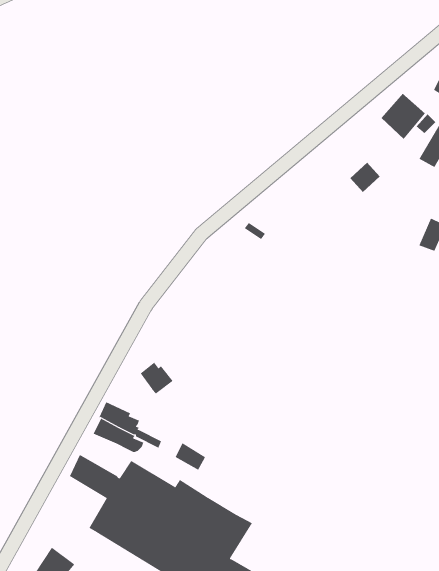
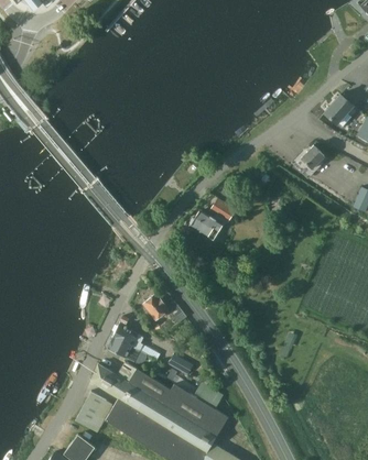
building: none -> [191,199,235,241]
building: none -> [76,392,112,431]

